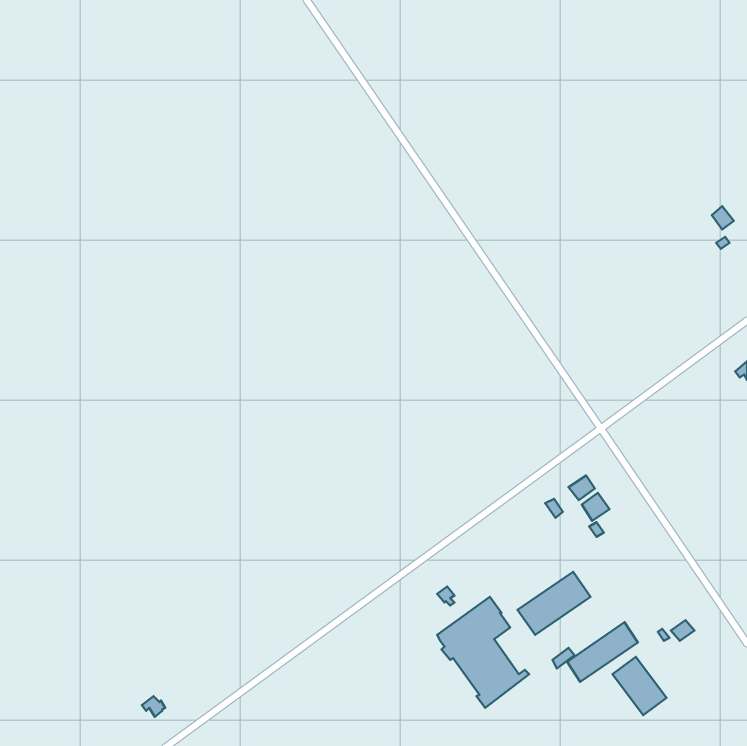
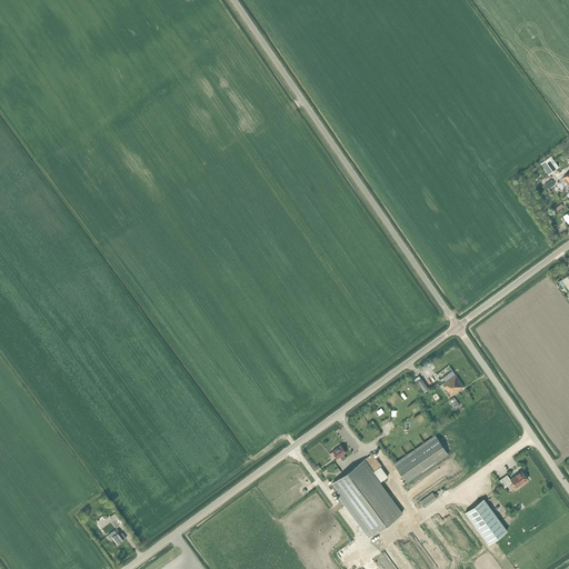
building: [567,622,638,682] -> none

